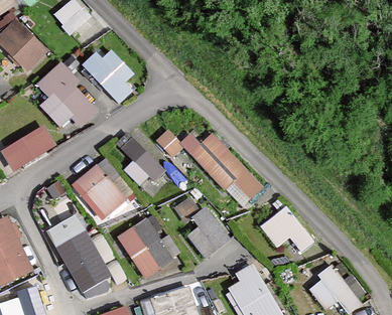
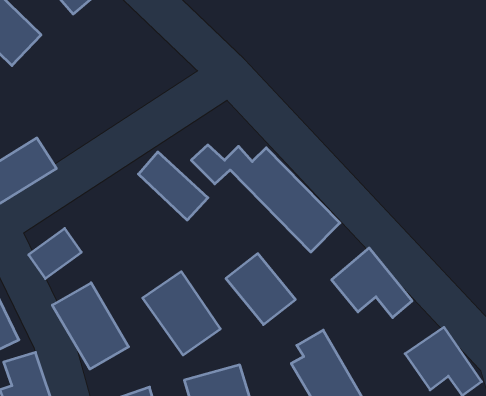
building: [83,50,136,105] -> none
building: [39,62,101,136] -> none
building: [74,165,127,220] -> none

